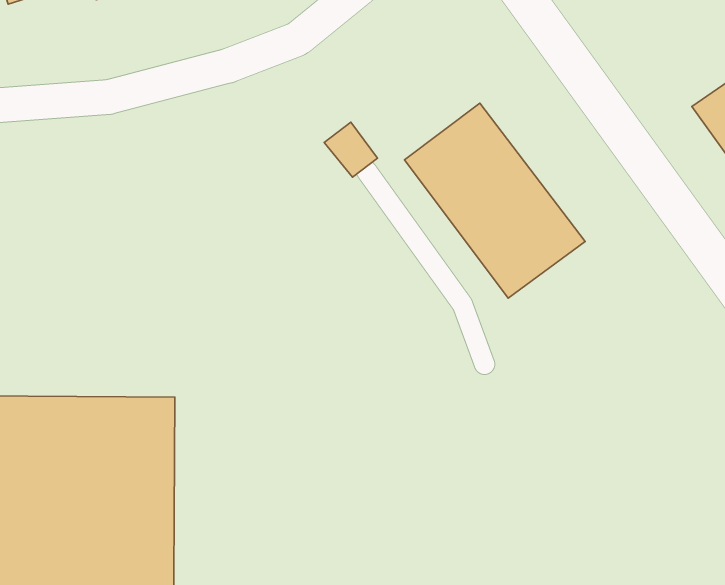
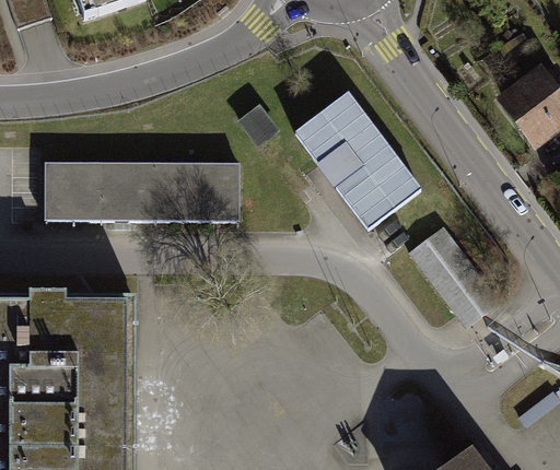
building: none -> [45,163,237,221]
building: none -> [409,227,498,318]

